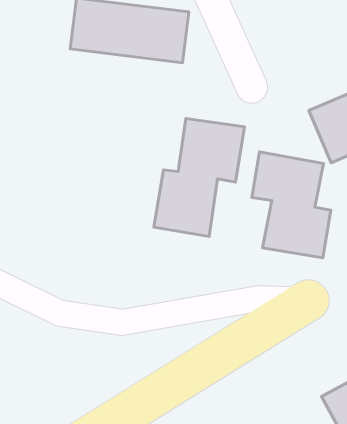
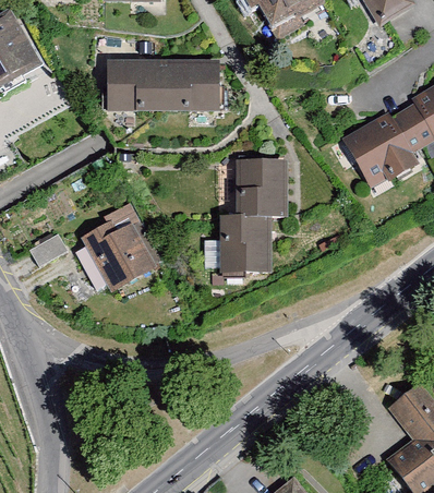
building: [252,152,331,258] -> none
building: none -> [81,217,159,294]

